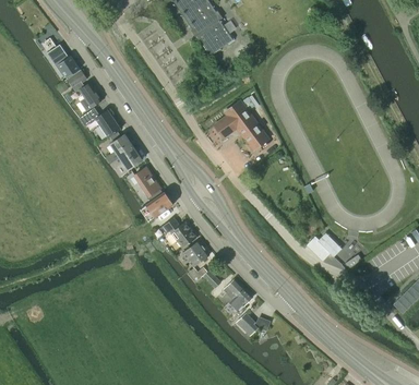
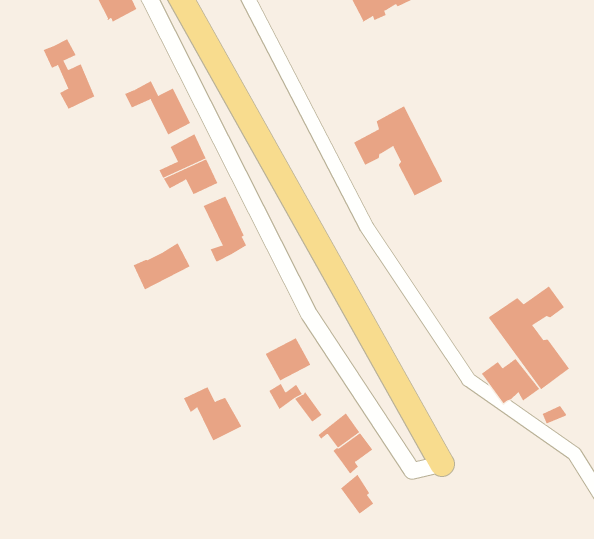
building: [67,70,100,110] -> [43,38,95,110]
building: none -> [488,285,570,390]
building: [140,193,172,222] -> [133,243,190,290]
building: [160,218,196,249] -> [183,387,242,441]

